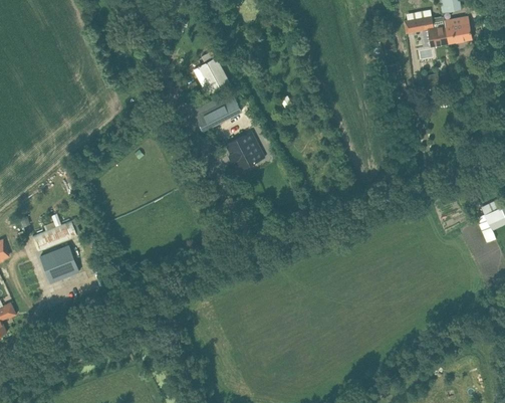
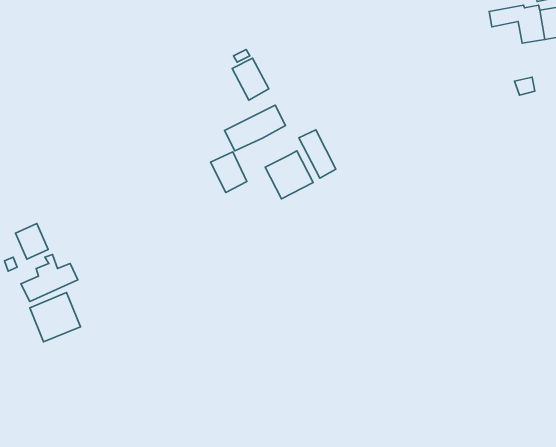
building: none -> [299,130,336,178]
building: none -> [211,152,247,193]
building: none -> [16,224,48,259]

